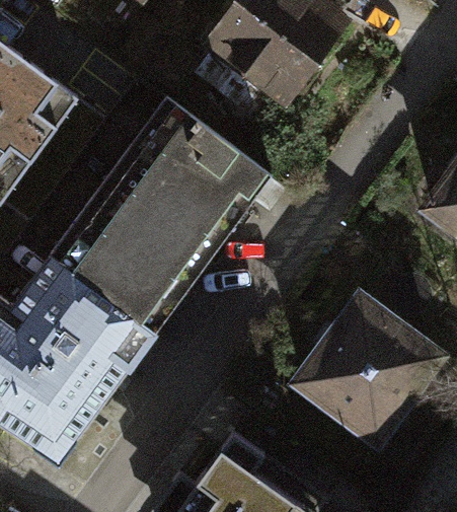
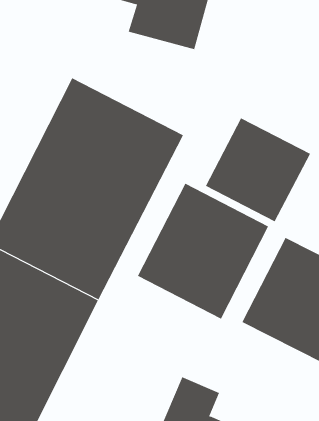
building: none -> [205,118,311,222]
building: none -> [137,183,269,320]

